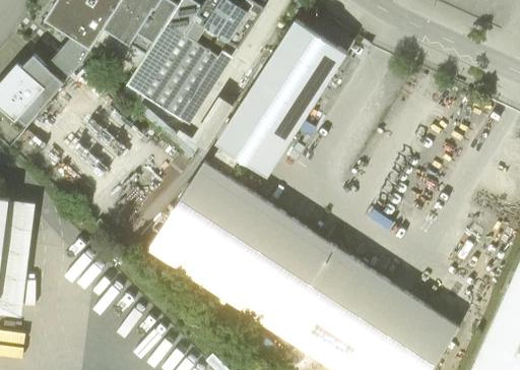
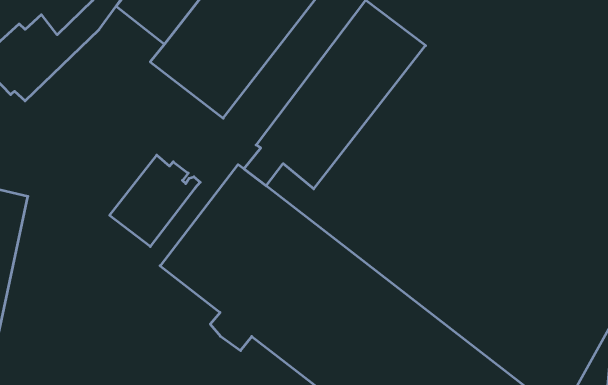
building: none -> [110,155,200,247]

